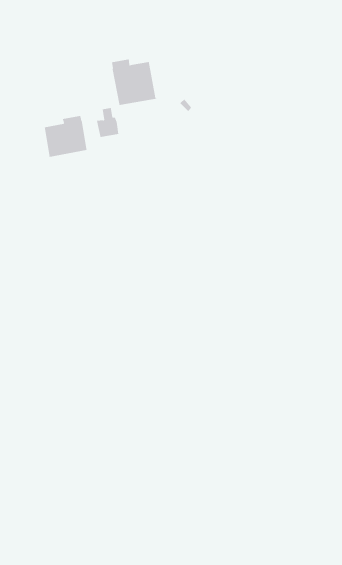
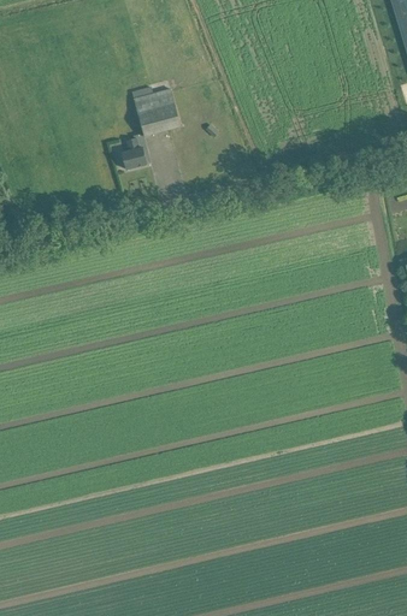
building: [44,115,87,158] -> none

